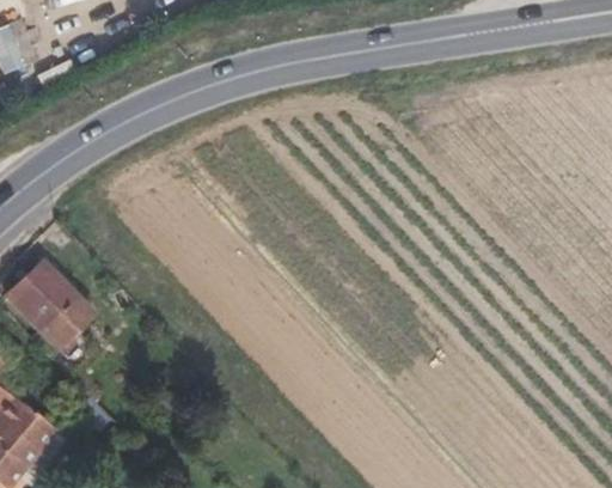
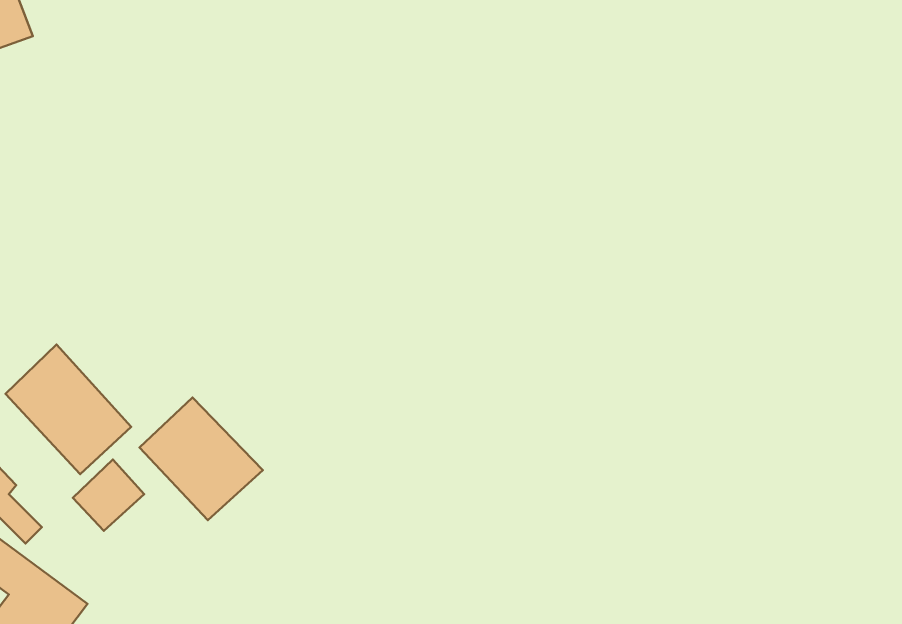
building: none -> [140,397,263,520]

